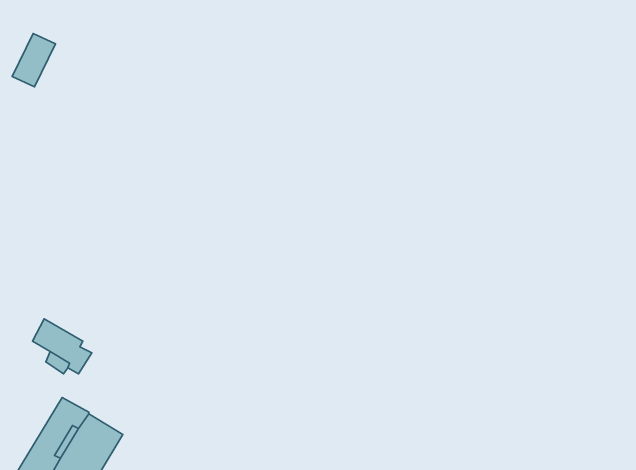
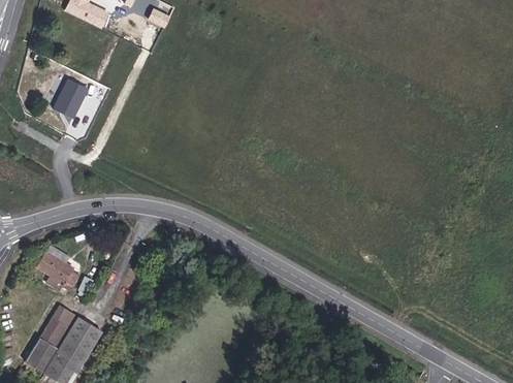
building: [12,33,55,87] -> [56,78,86,116]

